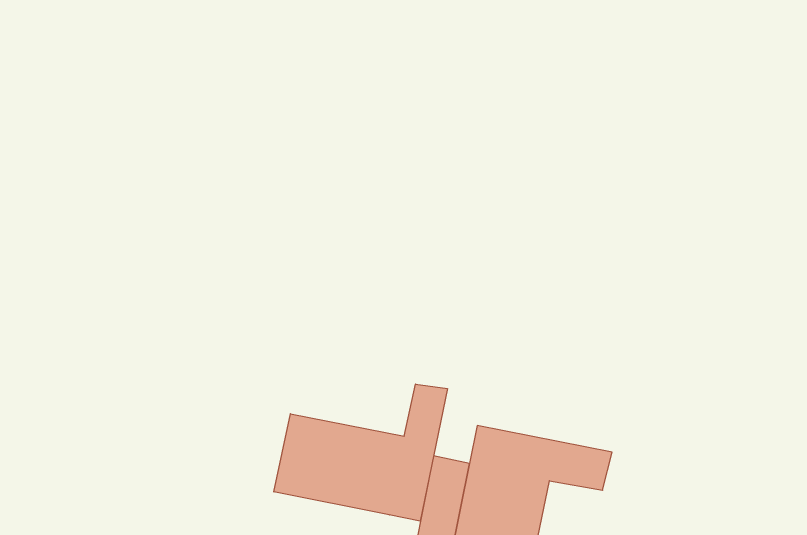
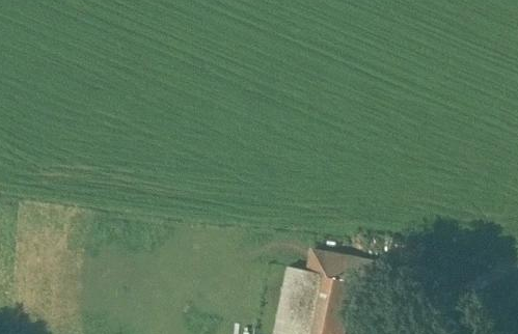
building: [274,384,447,521] -> none

